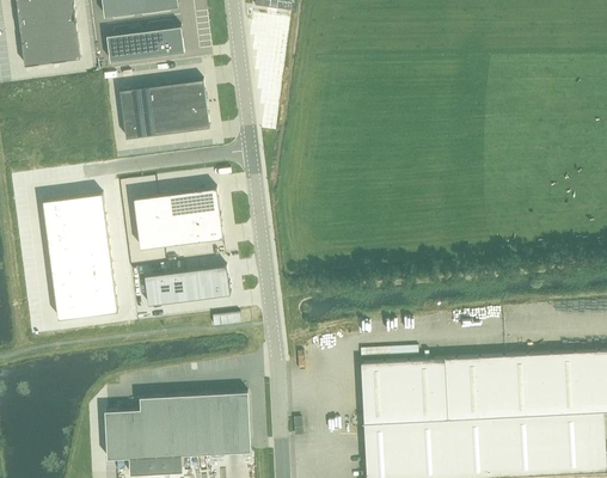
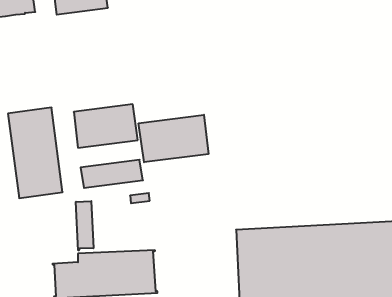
building: [119,81,208,140] -> none
building: none -> [139,115,208,162]
building: none -> [76,201,93,250]

